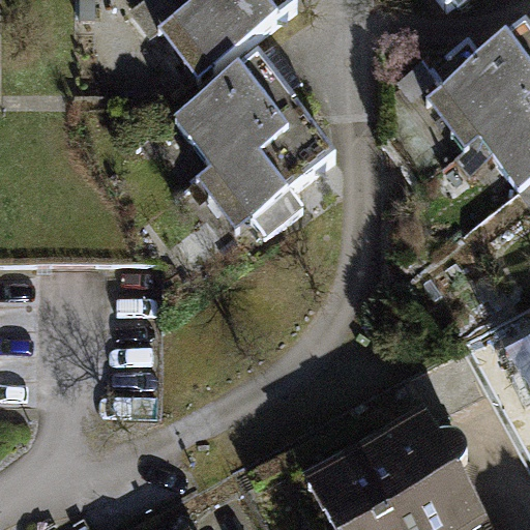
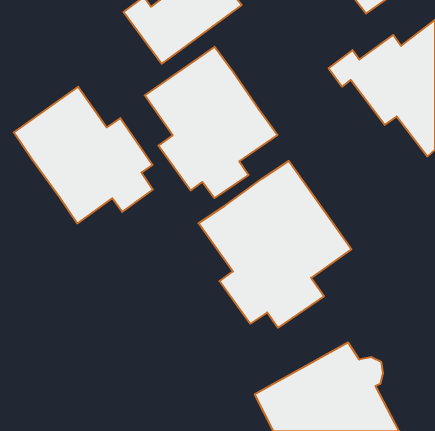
building: none -> [14,87,153,223]
building: none -> [198,161,351,328]

